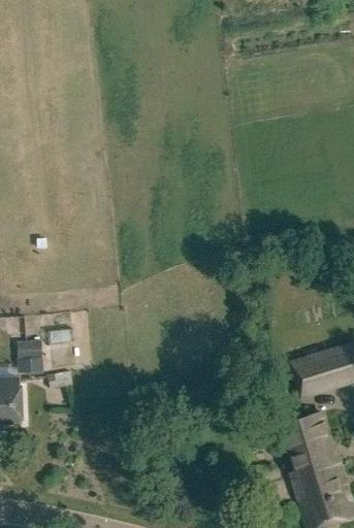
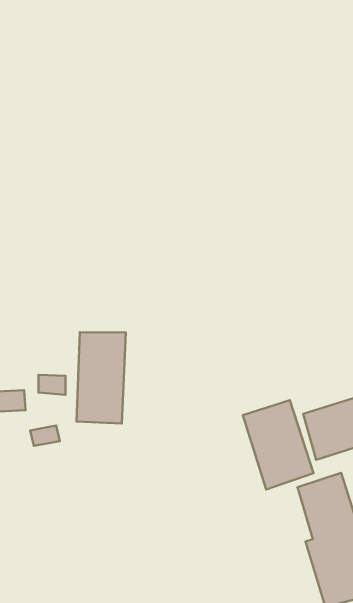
building: none -> [77,332,126,423]
building: none -> [243,400,313,489]

